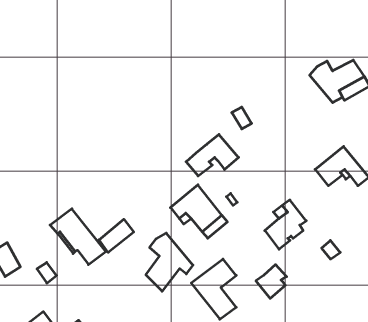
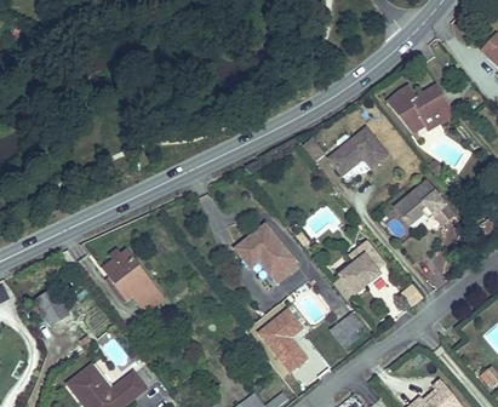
building: [186,134,239,176] -> [330,127,388,173]
building: [99,219,134,252] -> none
building: [146,233,193,291] -> none

